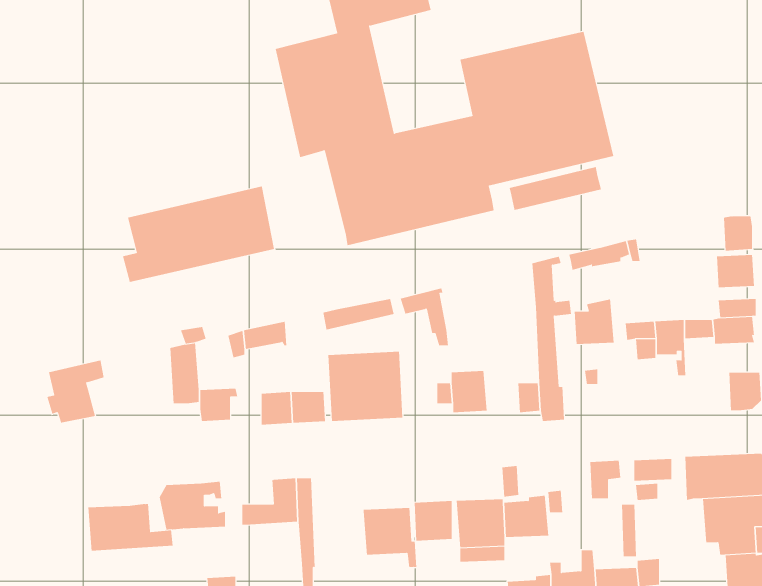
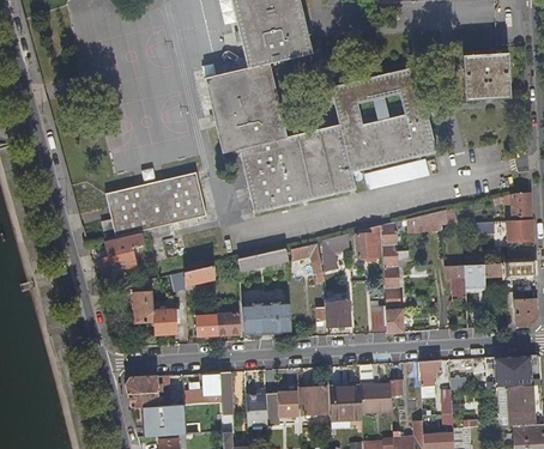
building: none -> [464,51,510,102]
building: none -> [321,232,349,268]
building: [574,299,614,344] -> [355,225,382,256]
building: [47,360,105,423] -> [103,231,143,274]
building: [87,504,174,551] -> [143,404,201,436]
building: none -> [246,394,267,425]

